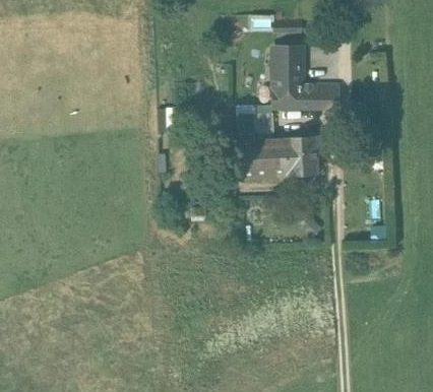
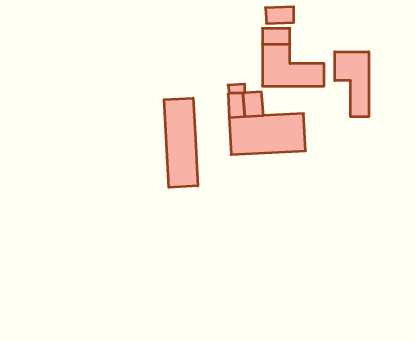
building: none -> [335,52,369,117]
building: none -> [164,98,198,187]

